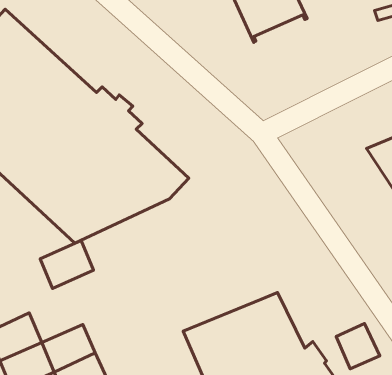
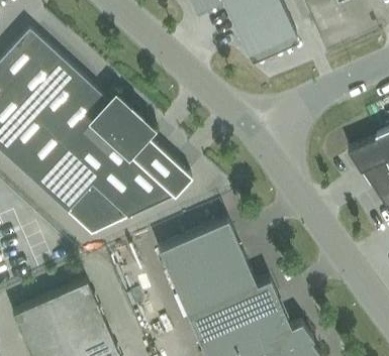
building: none -> [160,220,257,314]
building: [40,240,94,288] -> [51,281,98,324]
building: [336,323,380,369] -> none

